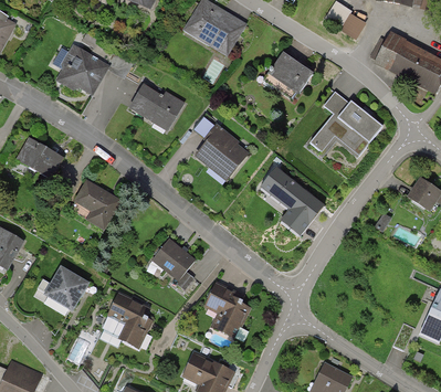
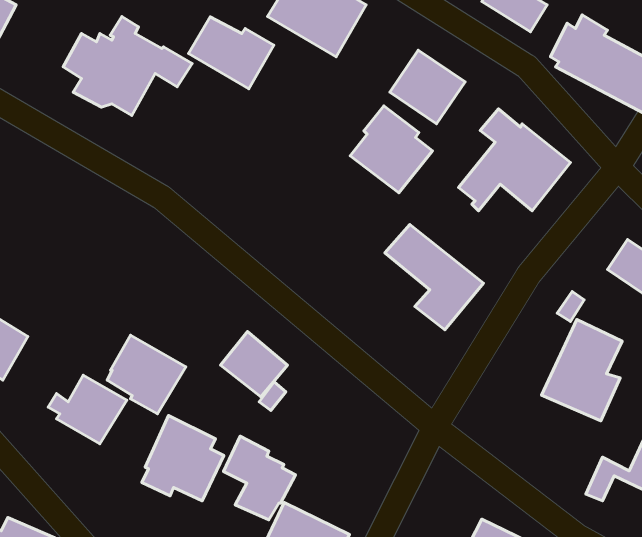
building: [128,83,185,130] -> [188,17,274,89]
building: [193,123,248,180] -> [350,106,432,193]
building: [11,137,64,181] -> none
building: [71,178,123,230] -> [107,335,186,414]
building: none -> [542,320,622,421]
building: [203,282,251,337] -> [223,436,295,520]

